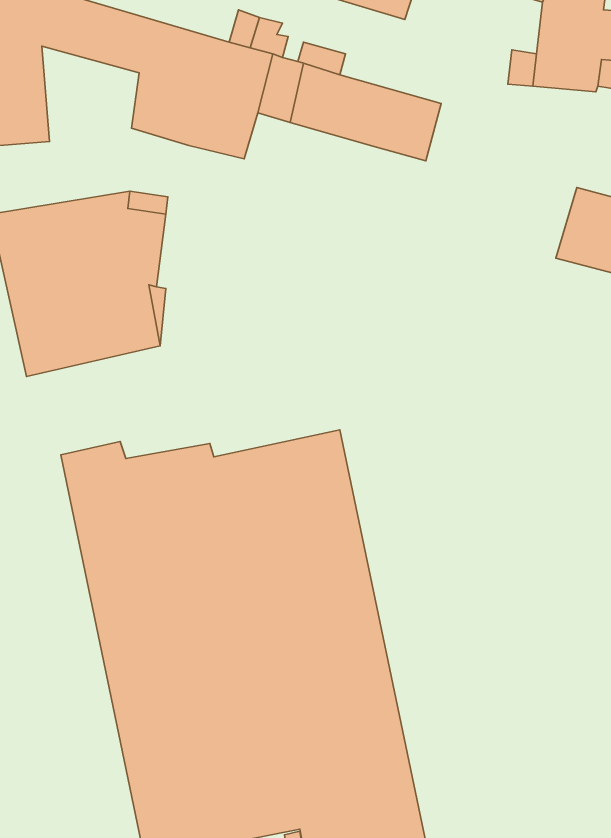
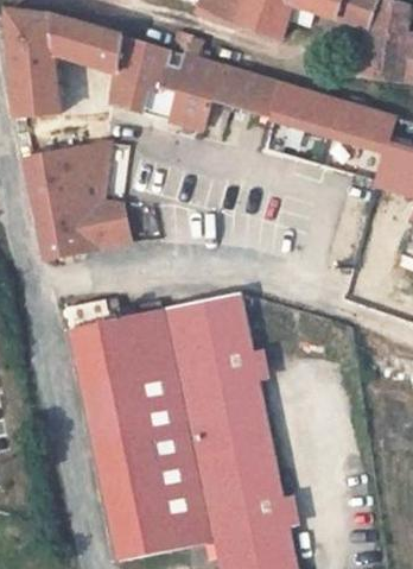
building: none -> [293,90,389,151]

